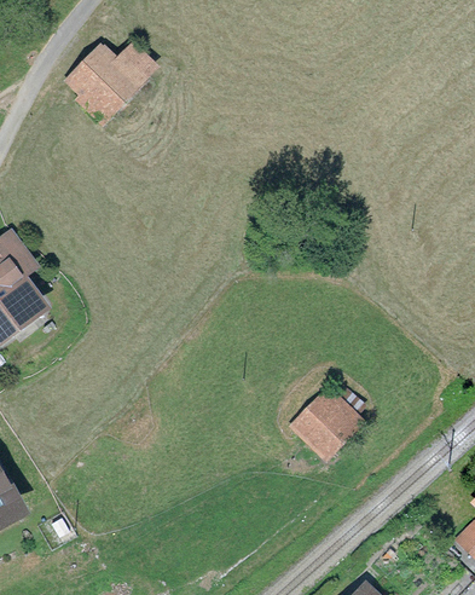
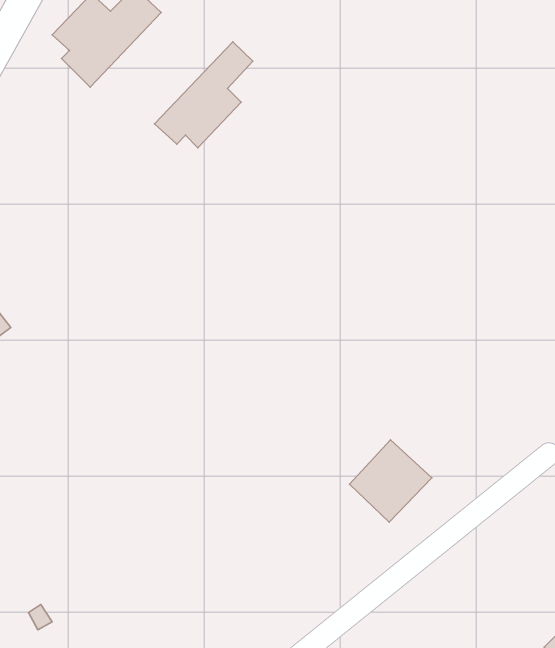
building: none -> [154,42,253,148]

